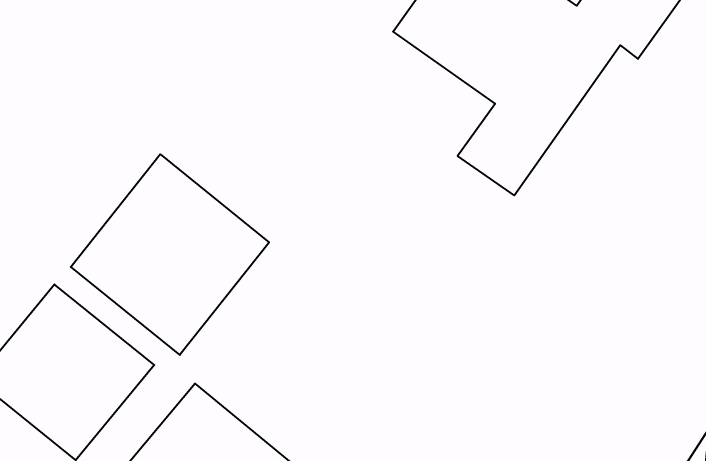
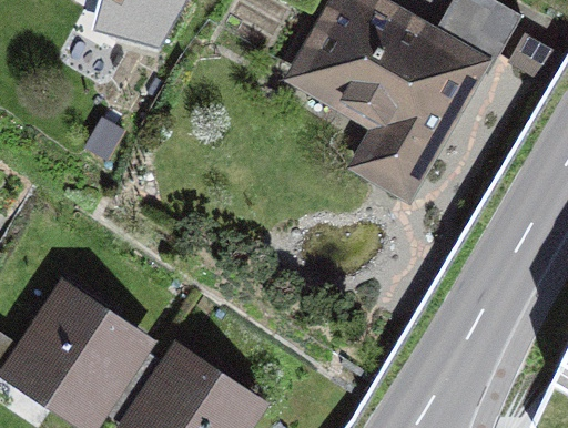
building: [71,154,269,355] -> none

